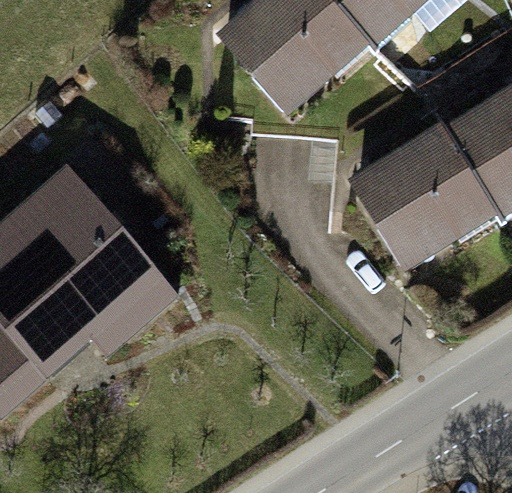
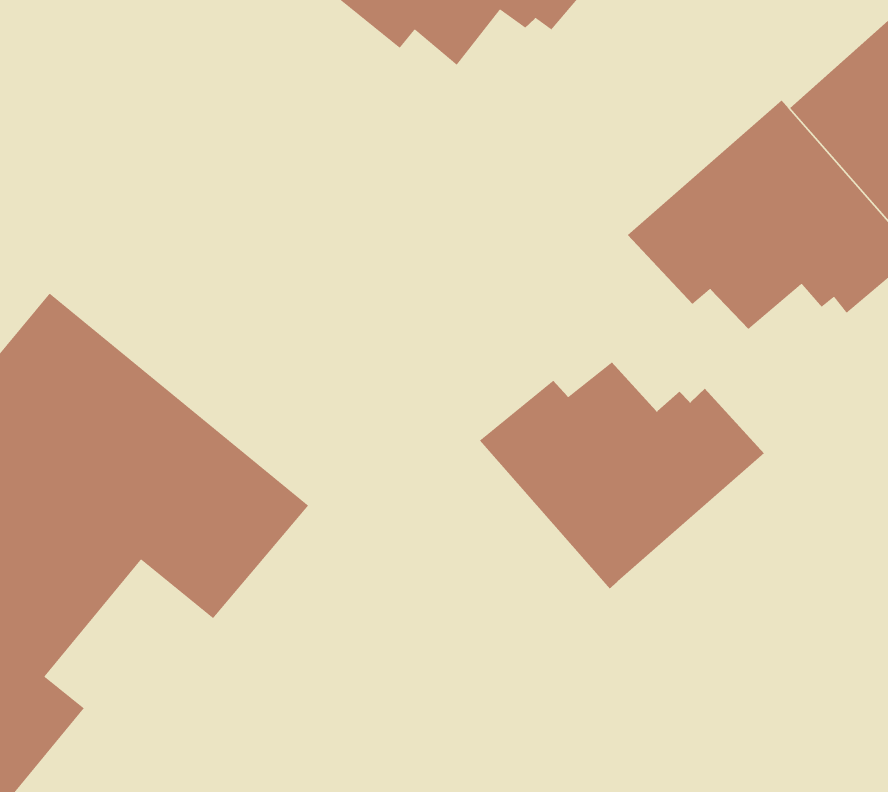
building: none -> [479,362,765,590]

